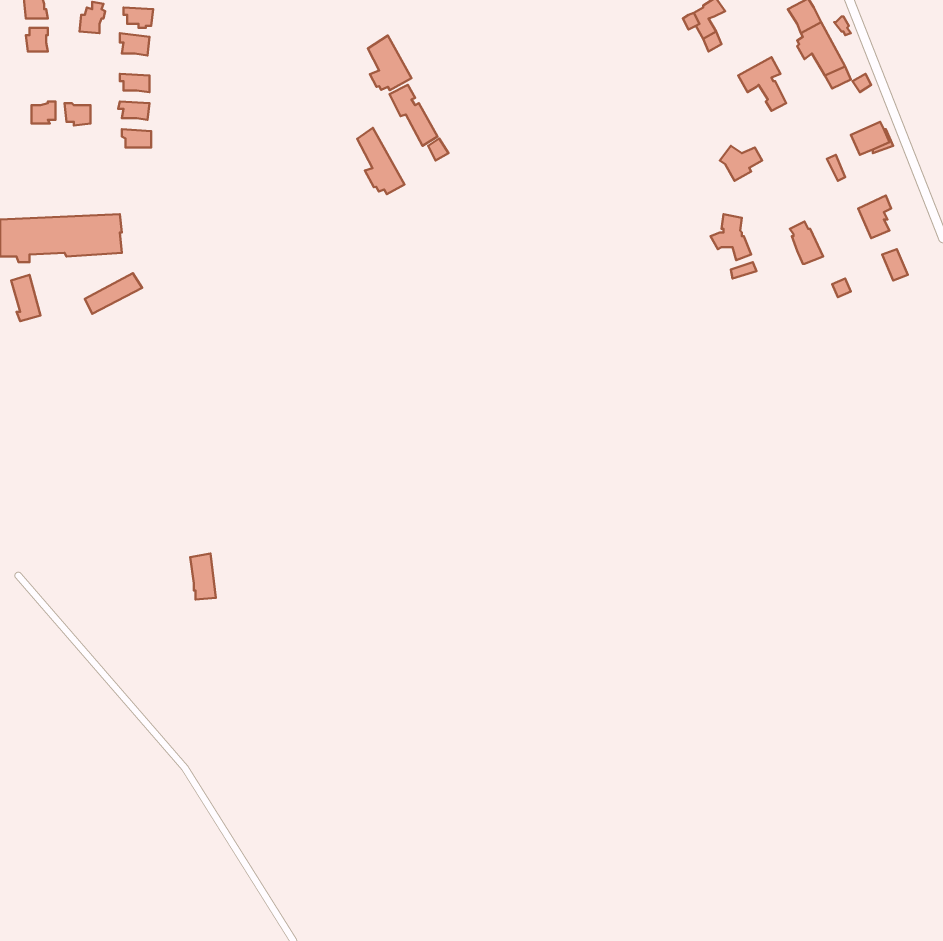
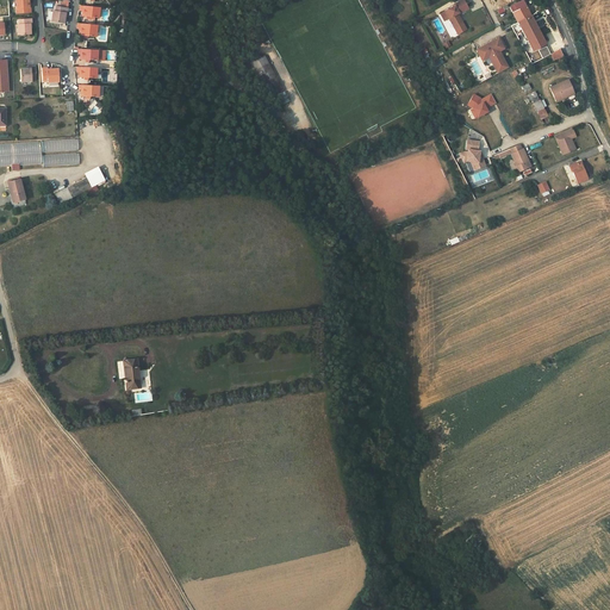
building: [368,36,412,90] -> none
building: [357,128,404,194] -> none

